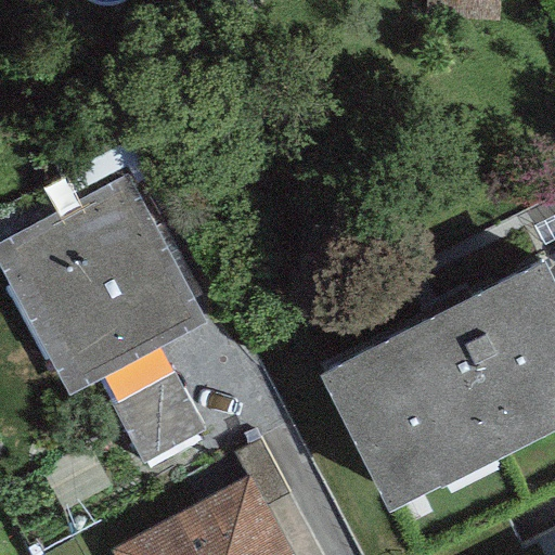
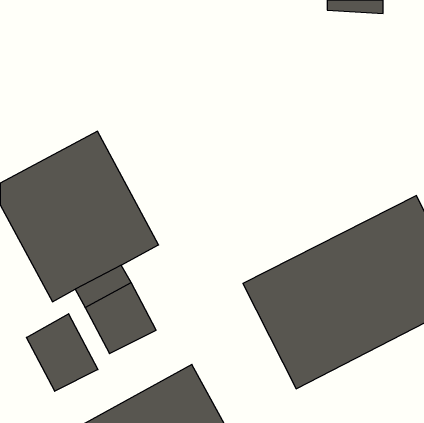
building: none -> [26,314,98,391]

